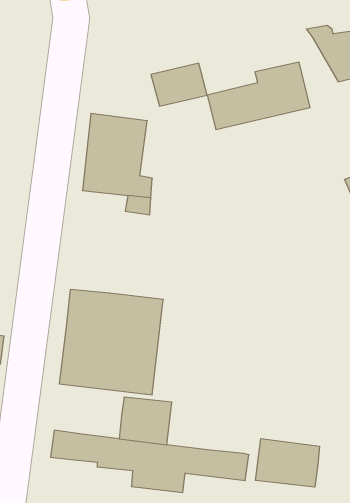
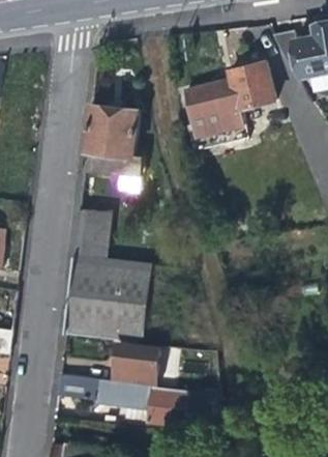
building: [151,63,207,106] -> [201,110,248,146]
building: none -> [72,208,111,257]
building: [256,439,320,487] -> none

